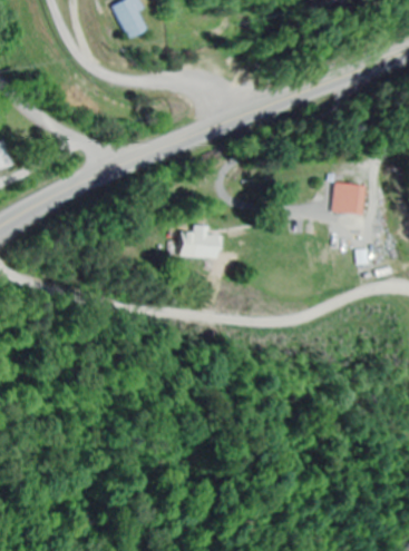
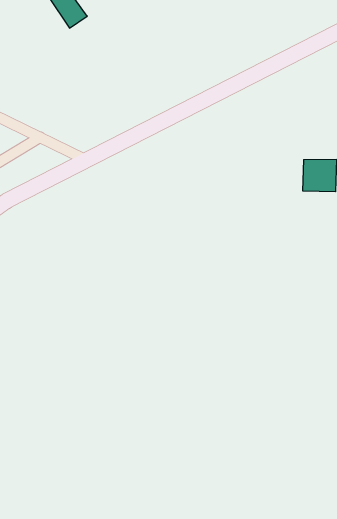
building: [183,225,211,257] -> none

